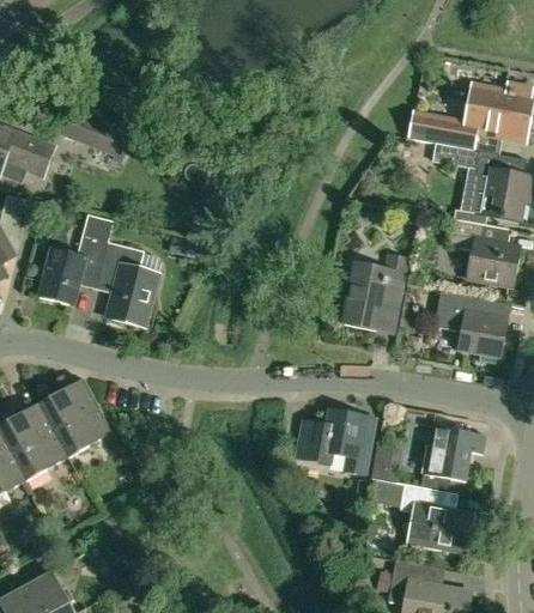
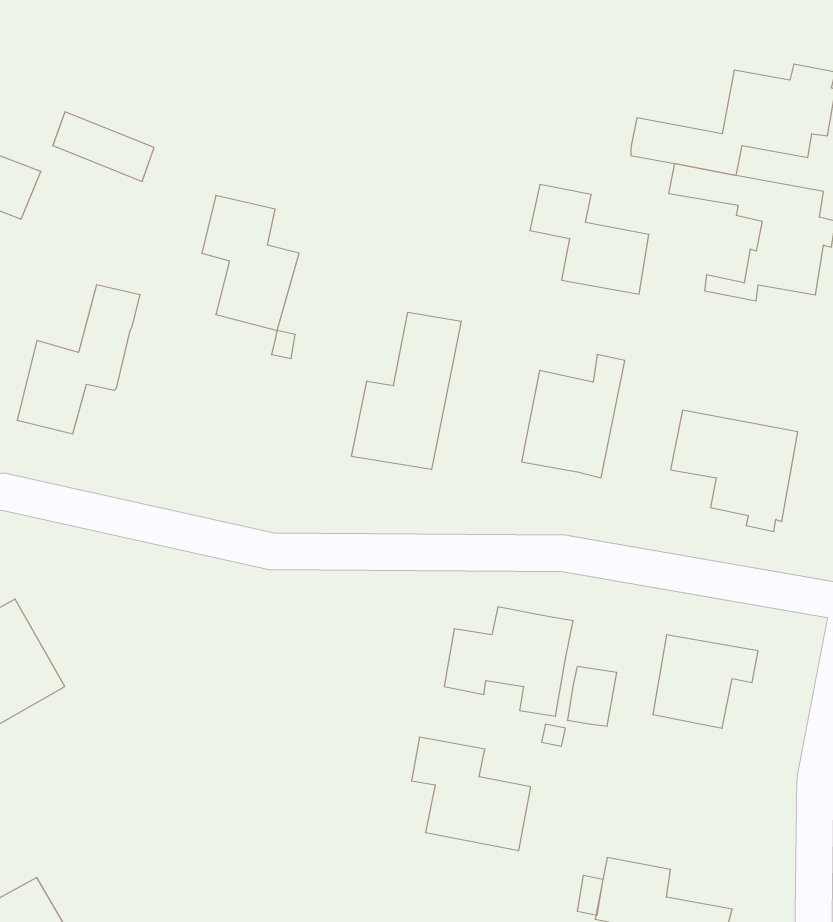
building: [448,218,520,284] -> [530,185,649,294]
building: none -> [352,312,461,470]
building: [99,242,158,323] -> [202,195,299,331]
building: [38,380,110,456] -> none
building: [400,484,472,552] -> [411,737,531,851]

